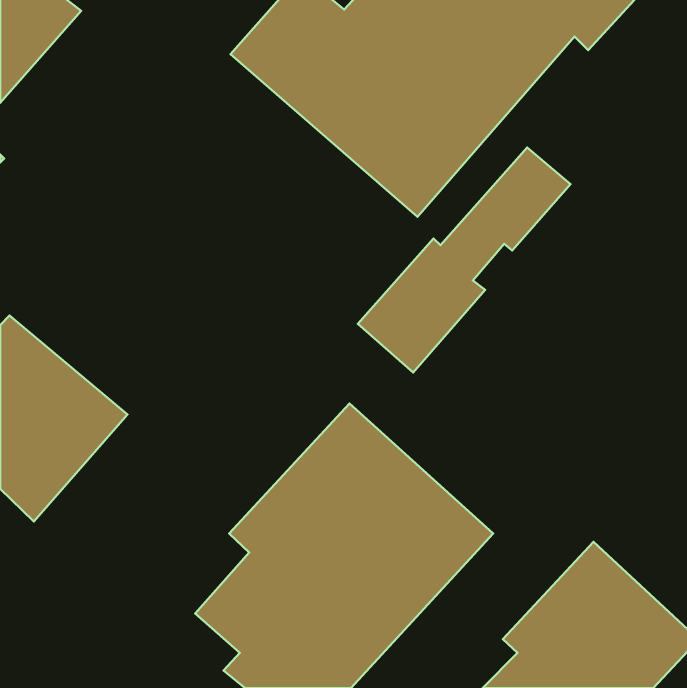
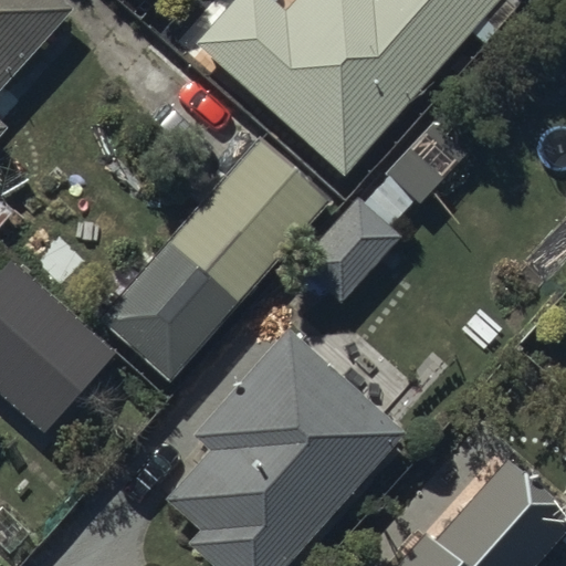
building: none -> [92,135,334,385]

